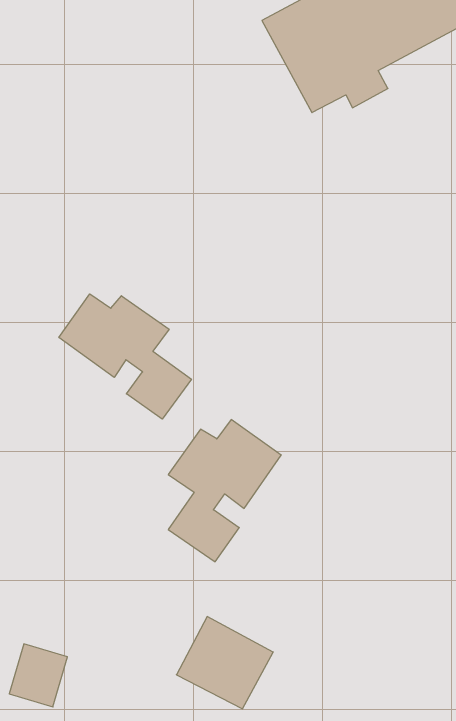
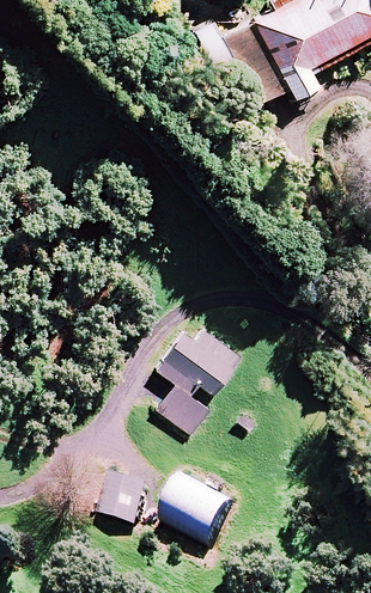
building: [59,294,191,419] -> none
building: [9,644,67,707] -> [103,478,146,525]

